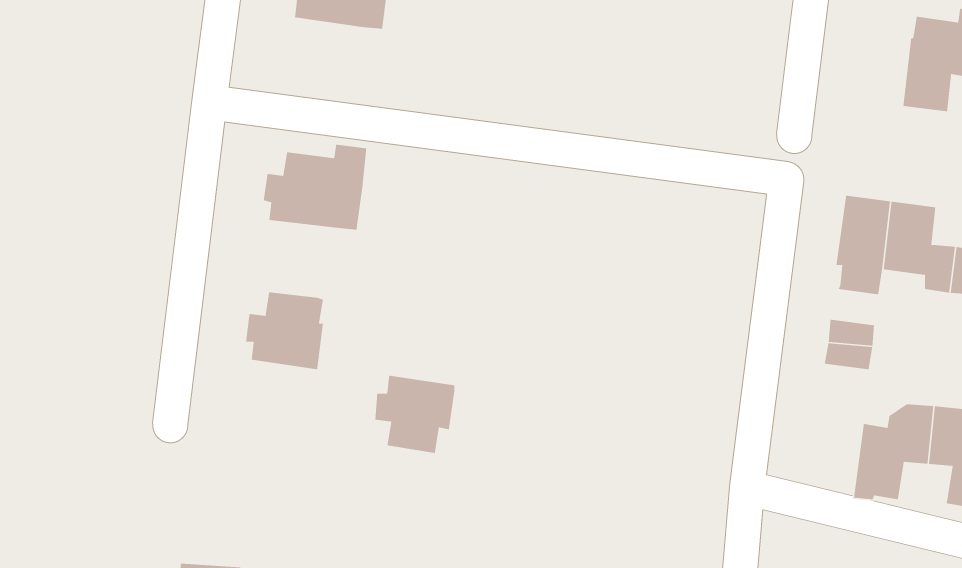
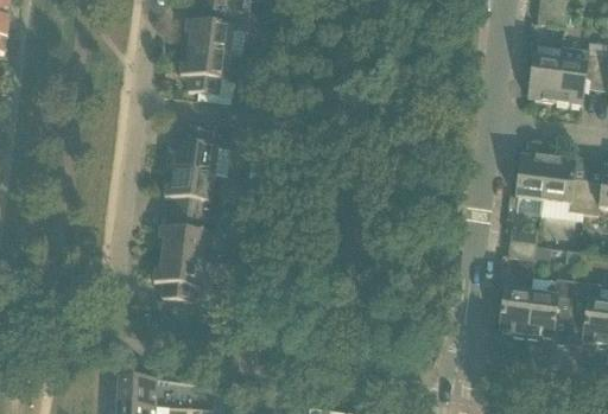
building: none -> [180,49,230,96]
building: none -> [528,57,560,102]
building: none -> [165,171,221,219]
building: [375,375,455,454] -> [154,255,203,302]
building: none -> [499,289,532,338]

